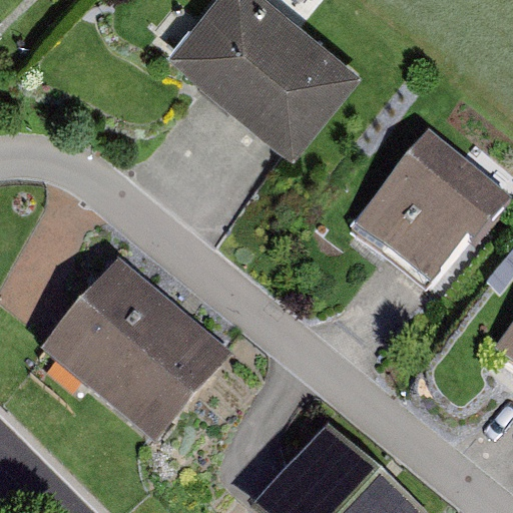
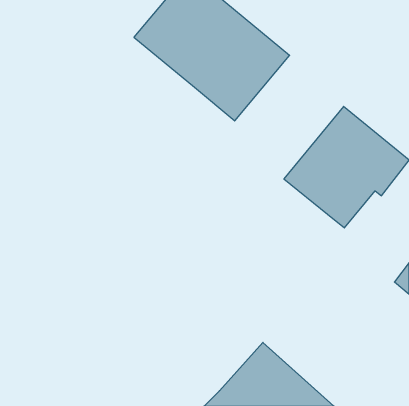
building: [40,259,229,444] -> none

